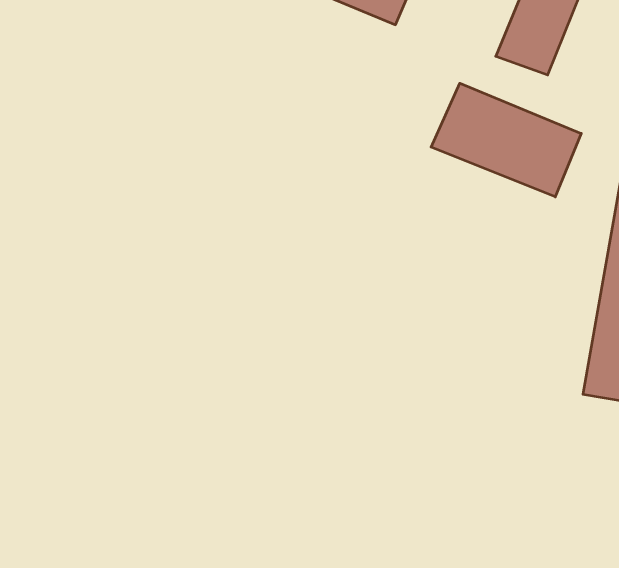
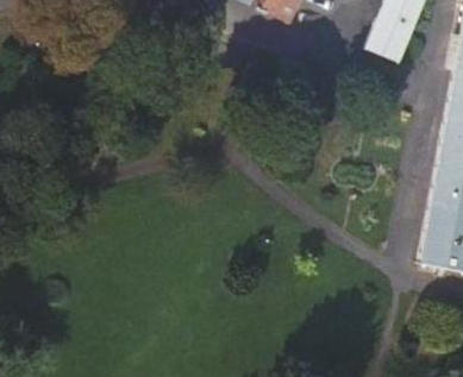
building: [431,83,581,197] -> none

